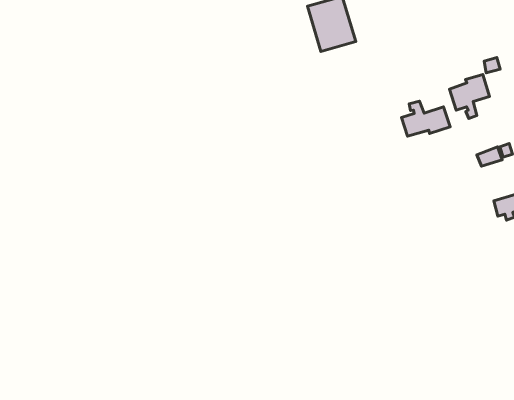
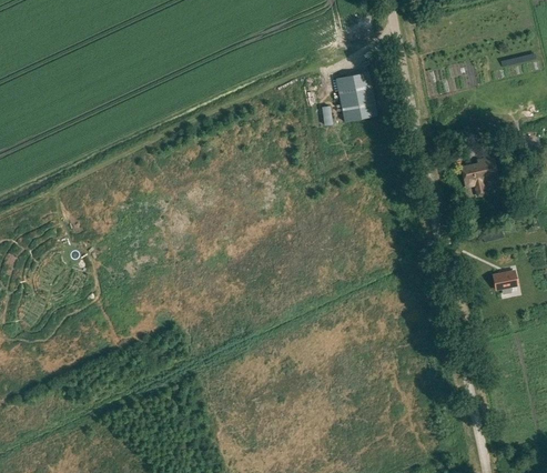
building: [402,101,450,136] -> none

